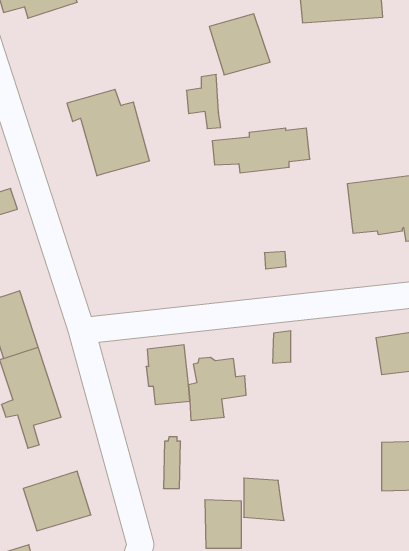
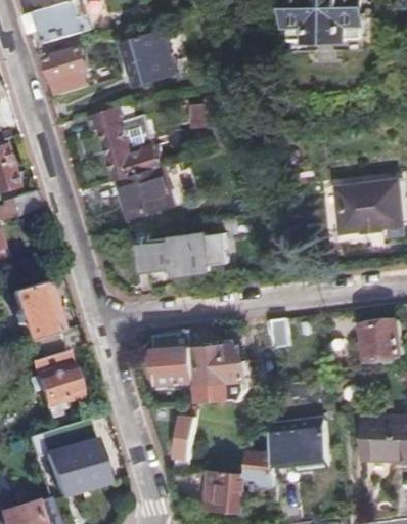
building: [209,14,270,75] -> [126,32,180,86]
building: none -> [48,48,90,80]
building: [212,128,310,173] -> [142,234,229,274]
building: none -> [117,167,172,218]
building: none -> [272,425,332,481]

